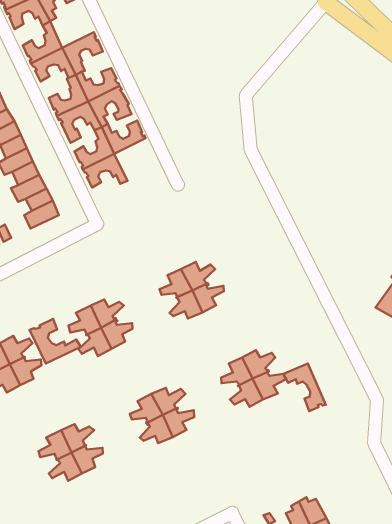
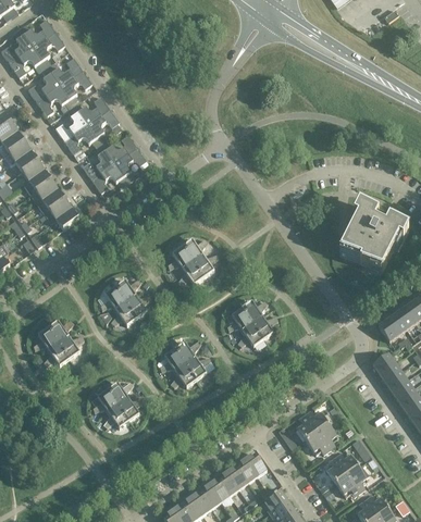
building: none -> [46,55,82,85]
building: none -> [113,146,146,182]
building: [29,319,81,364] -> none
building: [284,364,326,411] -> none

